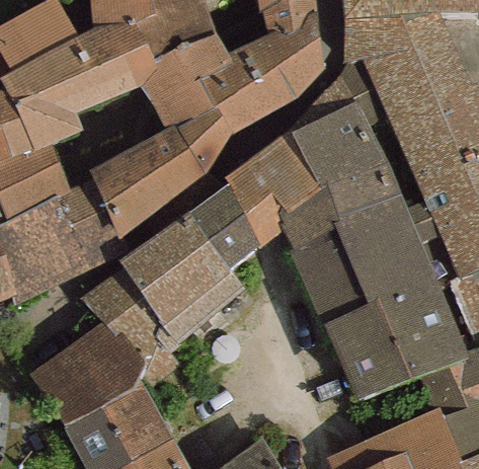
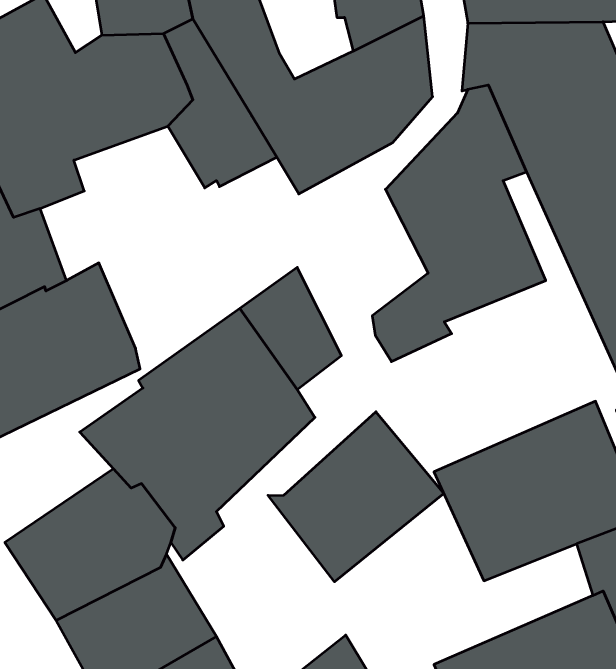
building: [88,108,230,240] -> none
building: [224,131,319,245] -> none
building: [290,193,434,325] -> none
building: none -> [268,412,444,582]

